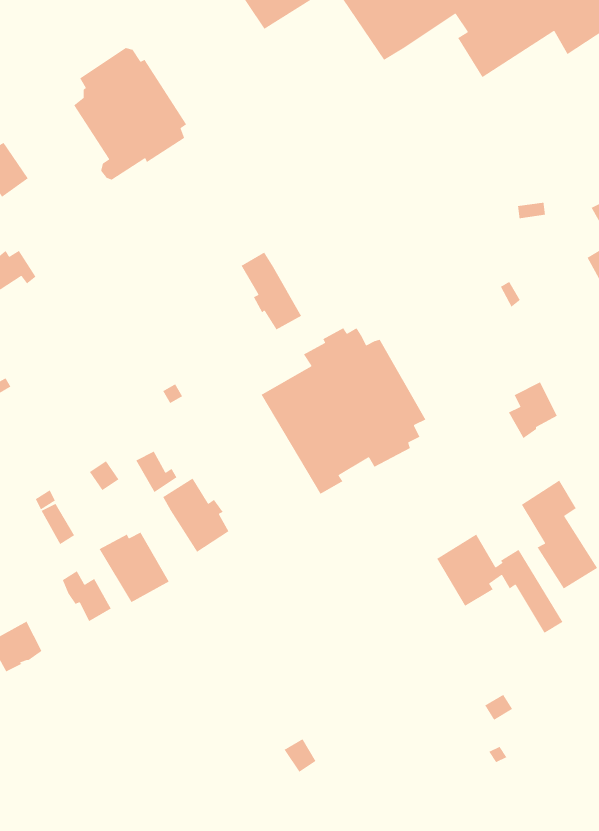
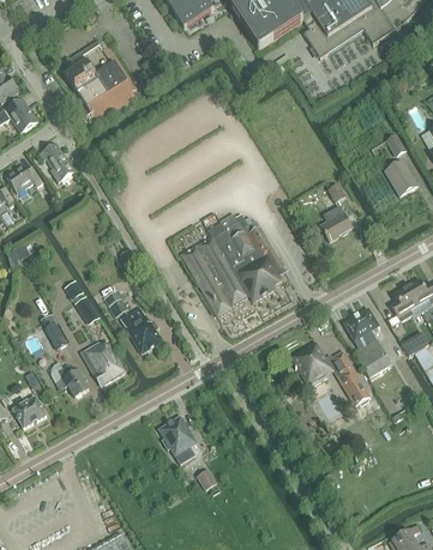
building: none -> [40,141,73,181]
building: [241,251,302,331] -> none
building: [508,381,558,439] -> [320,207,351,243]
building: none -> [158,415,196,461]

